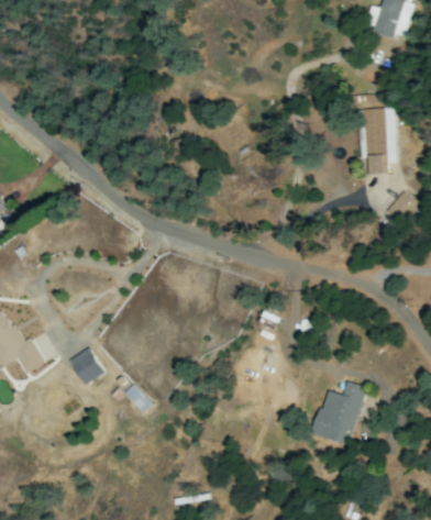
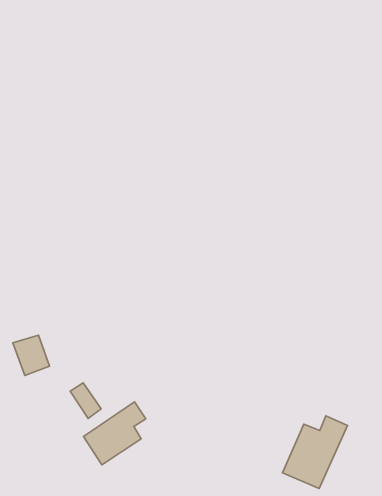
building: none -> [83,402,146,465]

